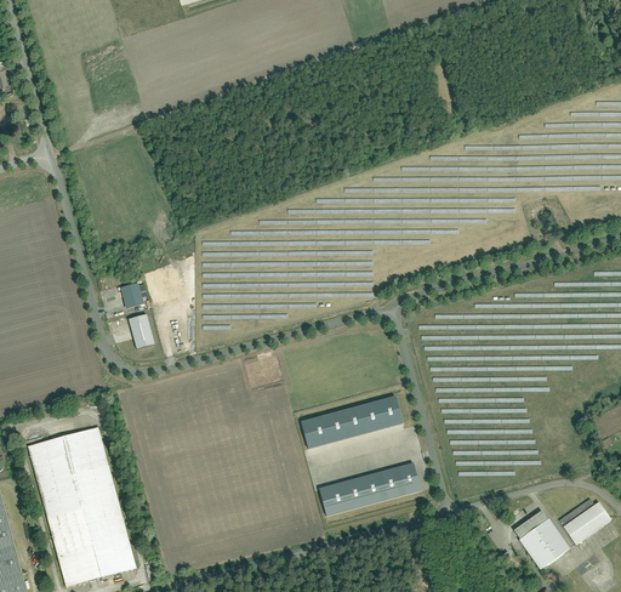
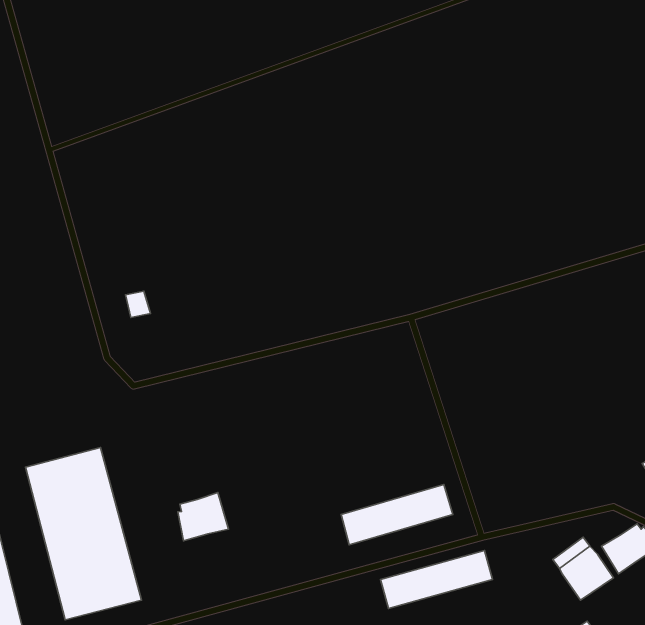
building: [129,313,155,348] -> none
building: [298,395,401,449] -> [381,550,492,608]
building: none -> [178,493,229,541]

